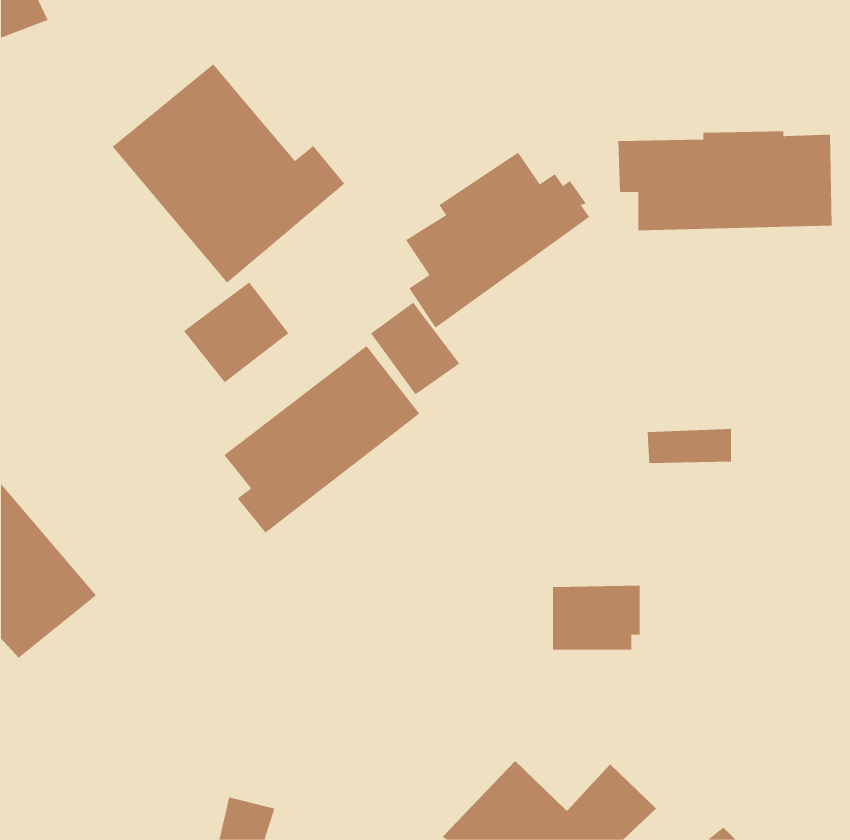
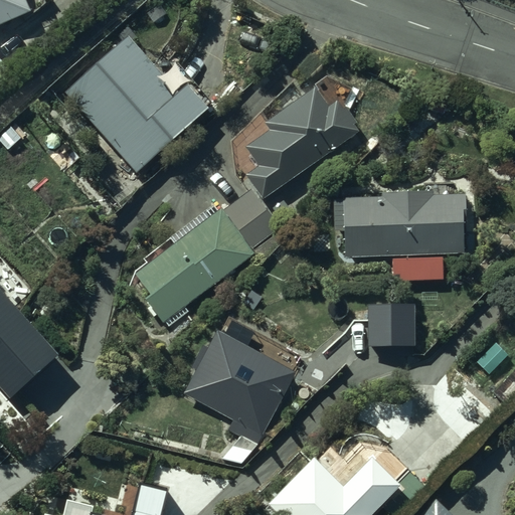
building: [618,131,833,231] -> [332,192,462,252]
building: [183,282,289,383] -> none
building: none -> [184,316,294,435]
building: [552,585,640,650] -> [367,306,420,345]

